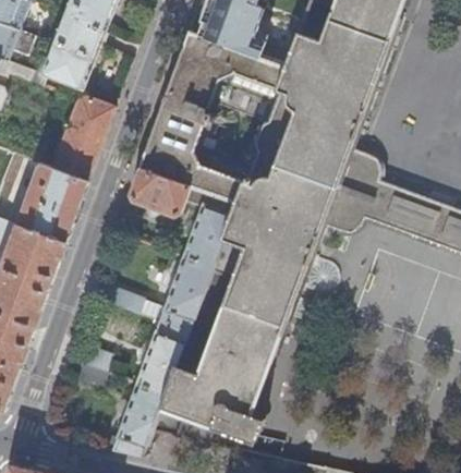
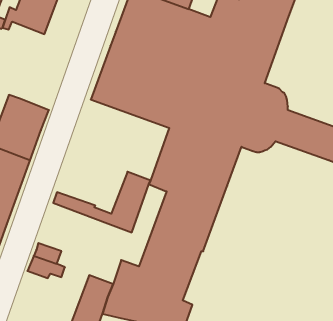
building: [52,94,116,181] -> none
building: [130,168,235,267] -> none
building: [137,319,190,393] -> none

